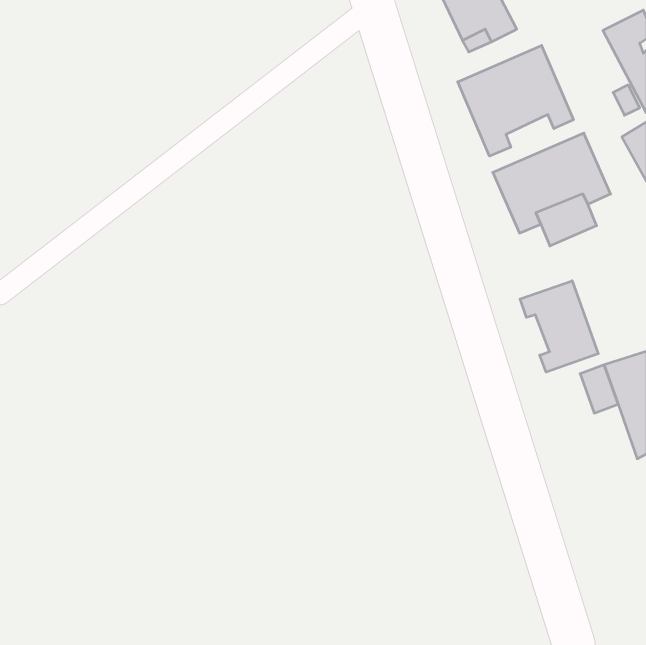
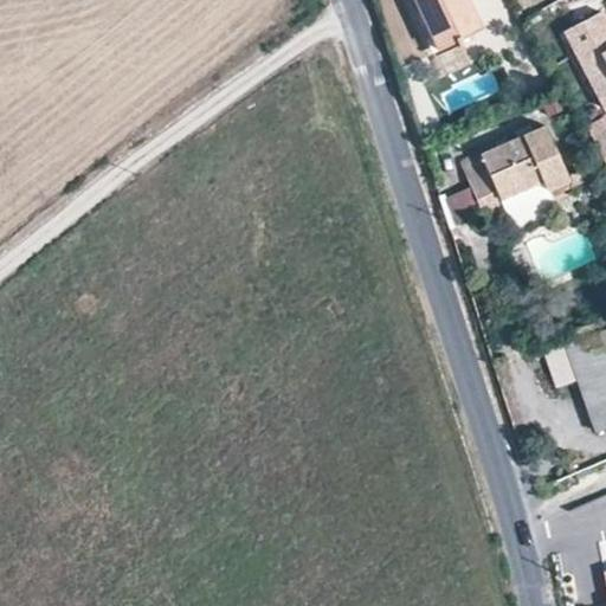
building: [458,45,573,156] -> none
building: [520,281,598,372] -> none

